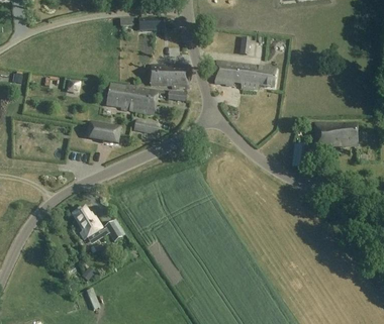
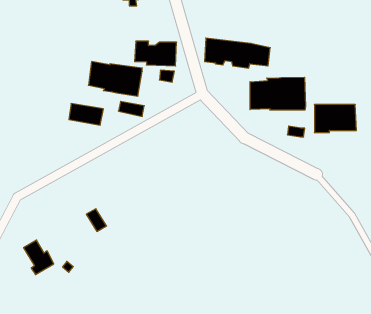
building: none -> [250,77,305,110]
building: [73,206,101,238] -> [24,240,54,275]

